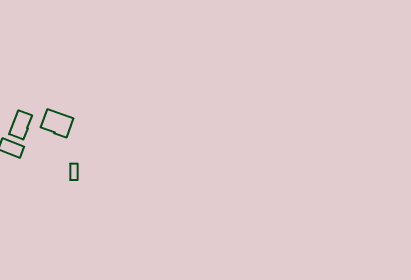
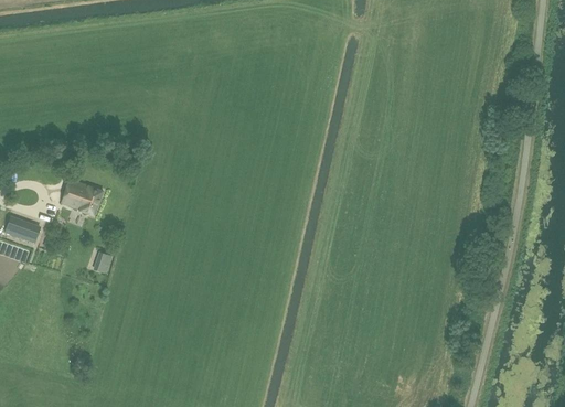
building: [9,110,32,140] -> none

